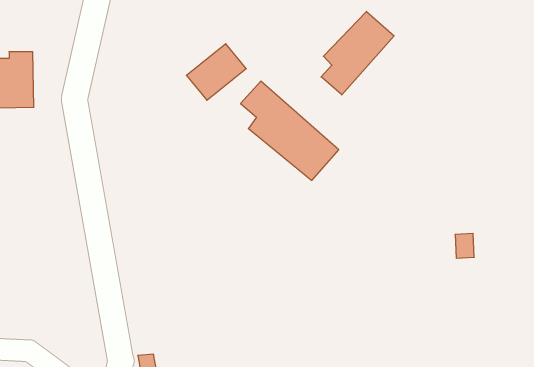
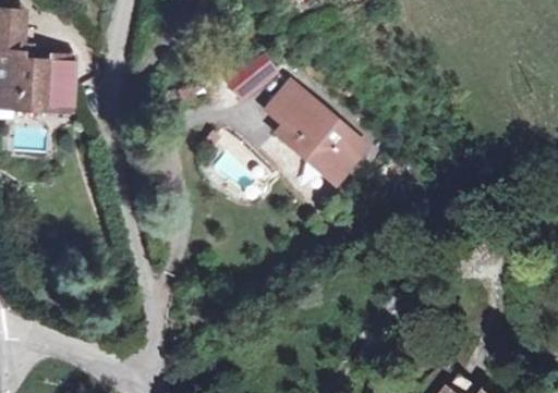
building: [321,11,394,95] -> none

